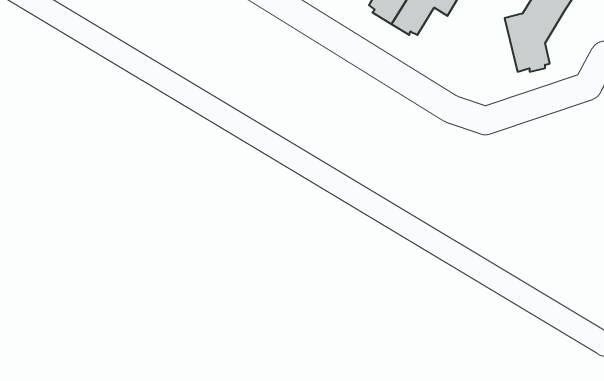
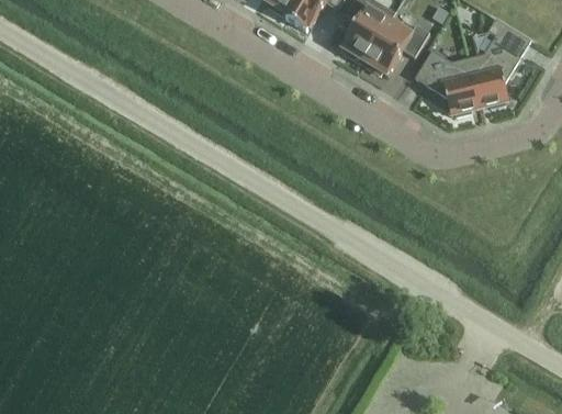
building: none -> [415,49,479,116]

